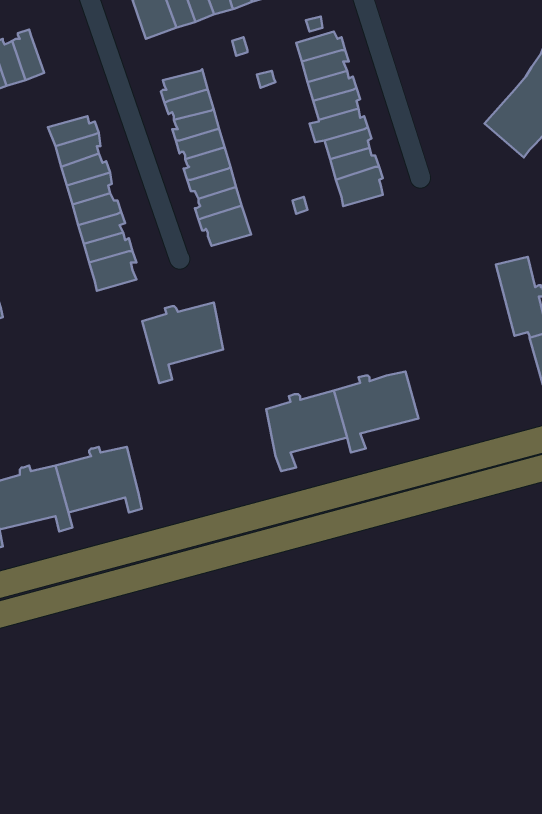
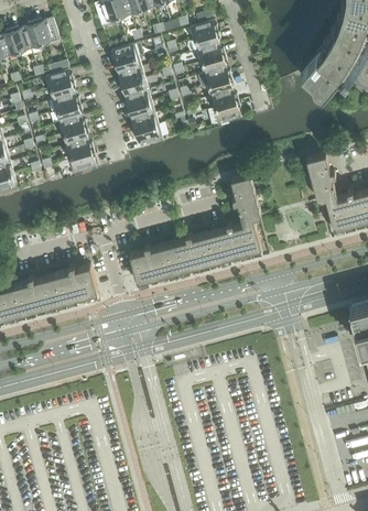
building: none -> [32,19,58,47]
building: none -> [229,175,260,225]
building: [142,302,223,383] -> [129,244,176,292]

